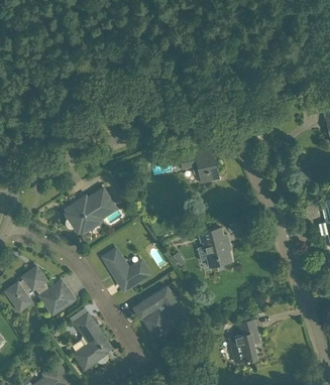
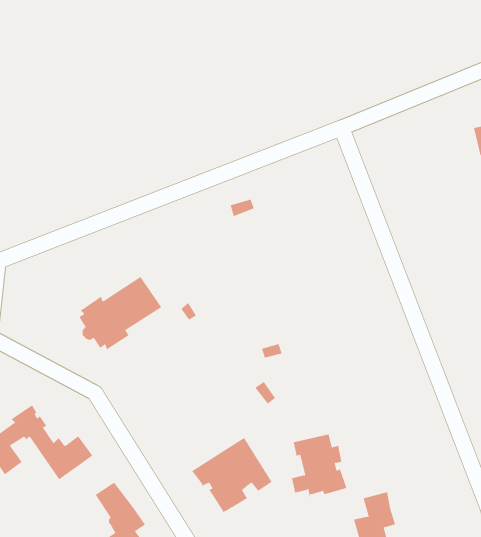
building: [179,147,219,182] -> none
building: [198,228,232,267] -> [291,434,347,498]
building: [103,249,149,290] -> none

